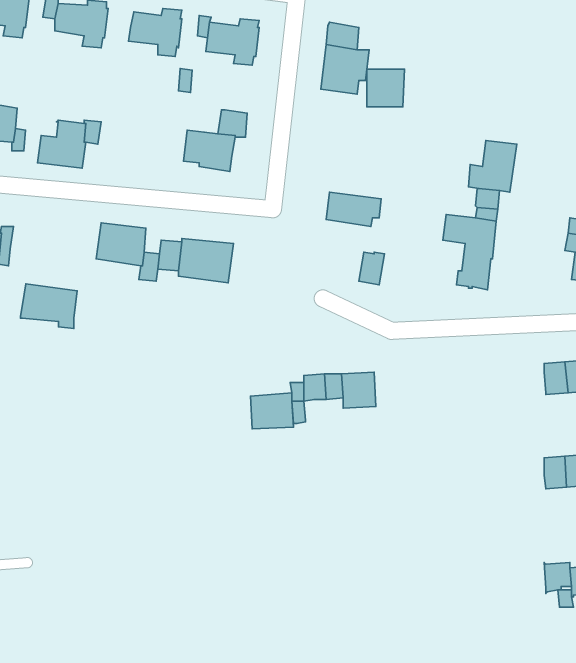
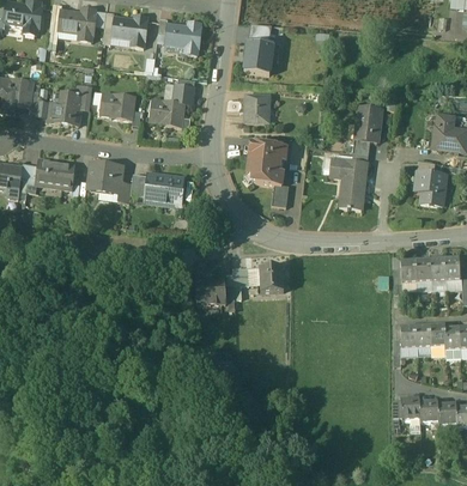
building: [367,69,405,107] -> [244,95,271,121]
building: none -> [101,92,137,120]
building: none -> [247,160,284,184]
building: [21,284,77,328] -> [36,159,75,190]

